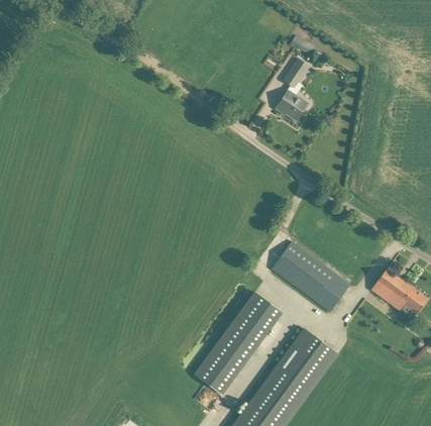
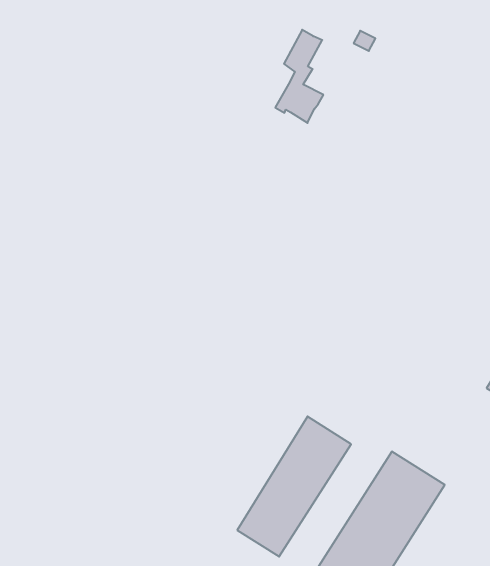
building: [276,58,311,121] -> [275,30,323,123]
building: [272,241,350,312] -> none

